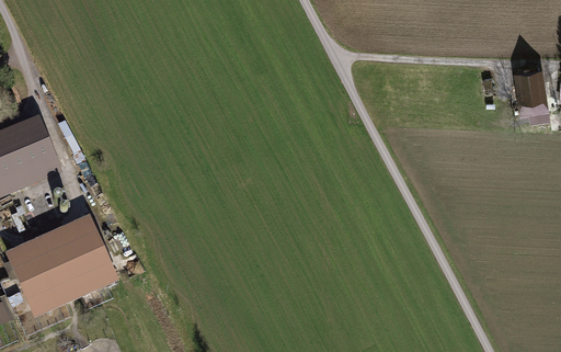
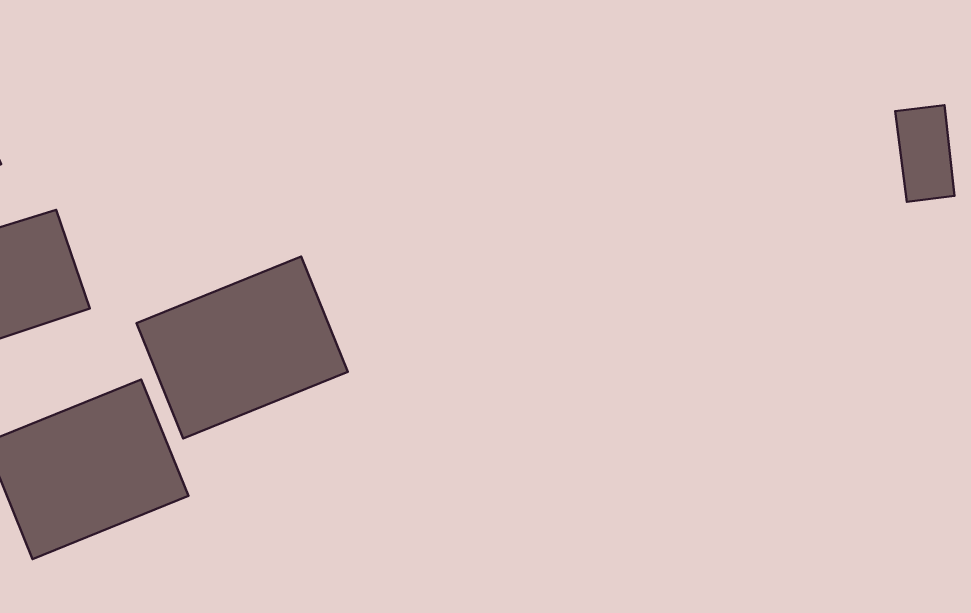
building: none -> [137,256,348,438]

